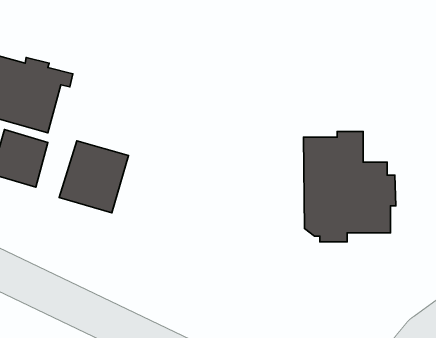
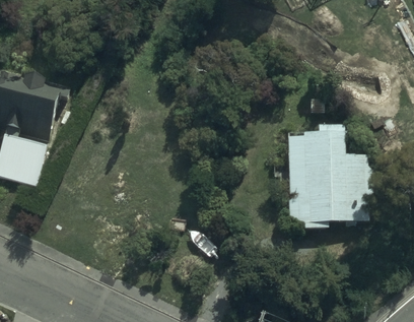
building: [59,141,128,213] -> none

